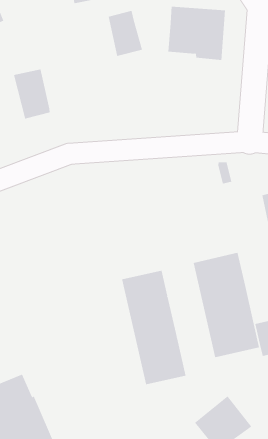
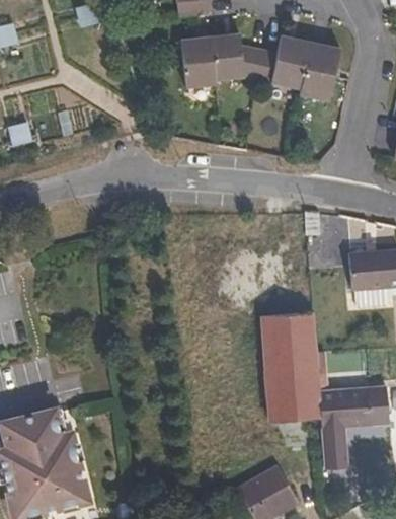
building: none -> [240,44,278,83]
building: [13,69,51,119] -> [180,35,215,87]
building: [121,270,186,385] -> none

